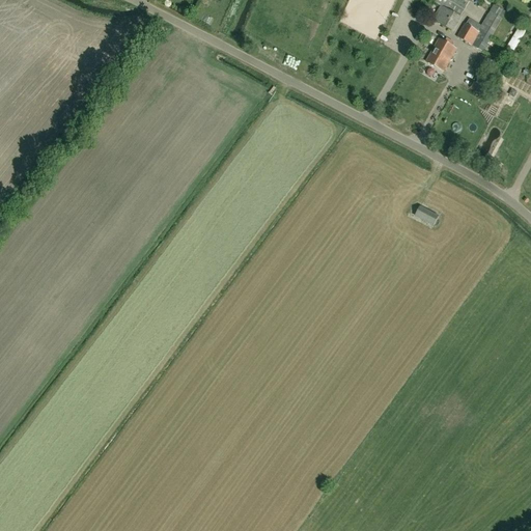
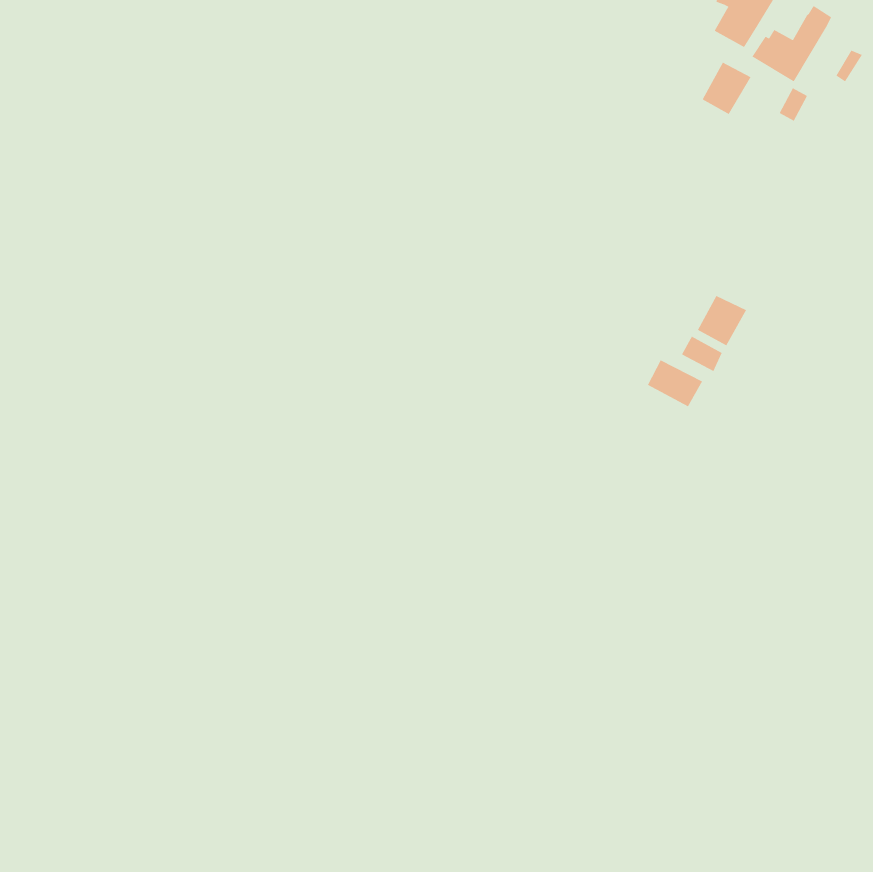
building: none -> [697,295,747,346]
building: none -> [647,360,703,407]

